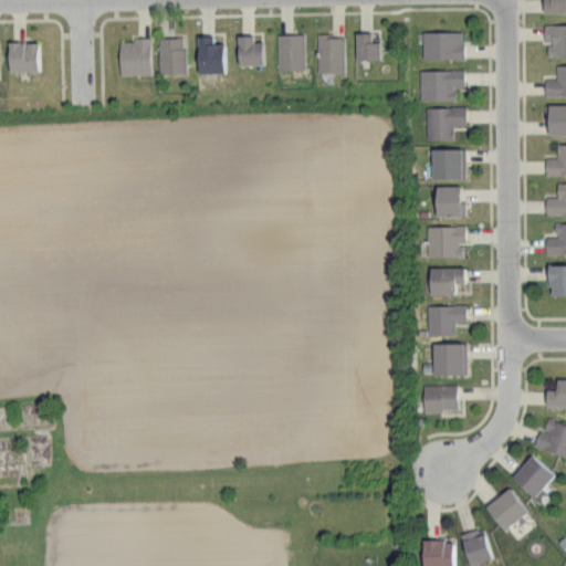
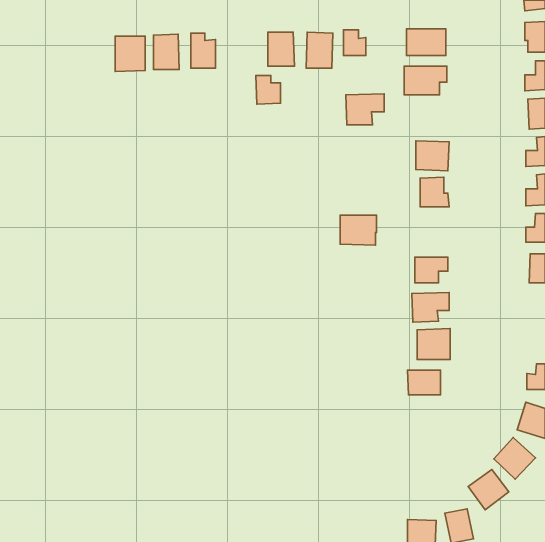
building: [237,36,262,66] -> [256,76,280,104]
building: [8,43,39,73] -> none
building: [426,108,465,140] -> [346,94,384,125]
building: [427,228,464,259] -> [340,215,377,245]

